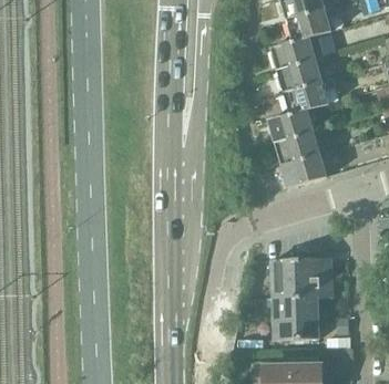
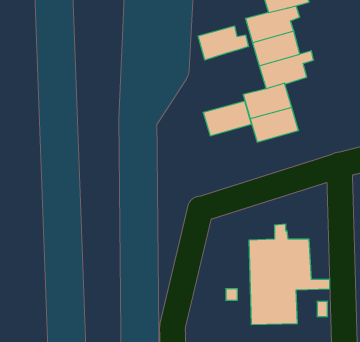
building: none -> [198,26,248,60]
building: [280,155,327,188] -> [203,101,252,136]

